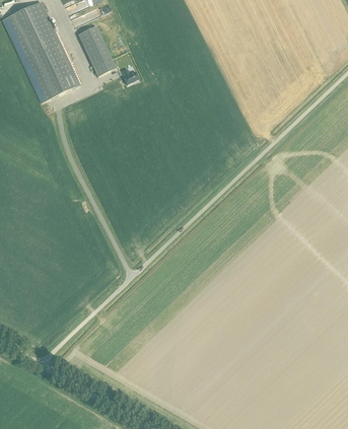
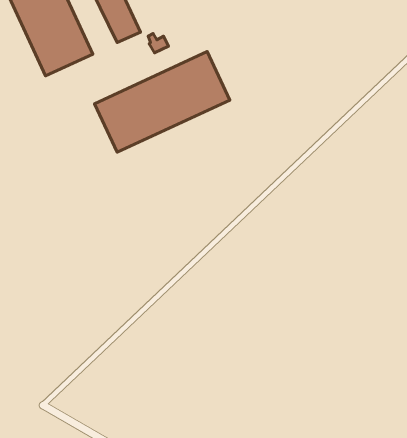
building: none -> [95,51,230,152]

